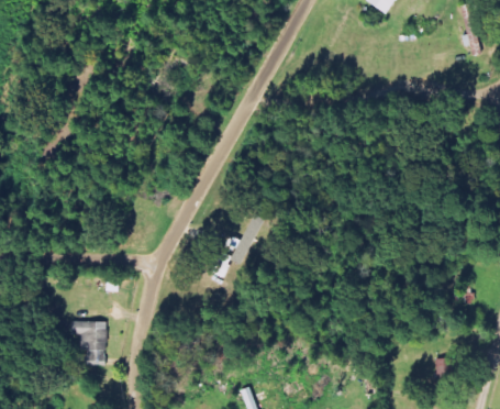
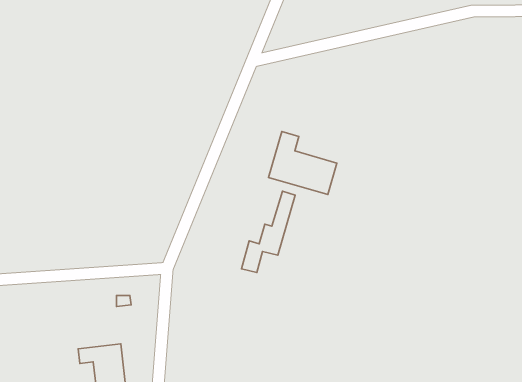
building: none -> [269,132,337,195]

